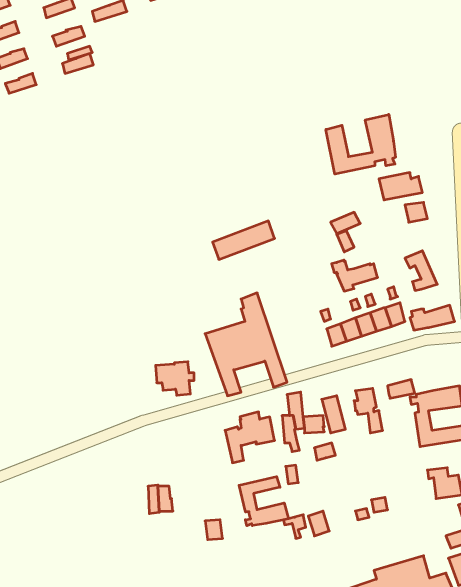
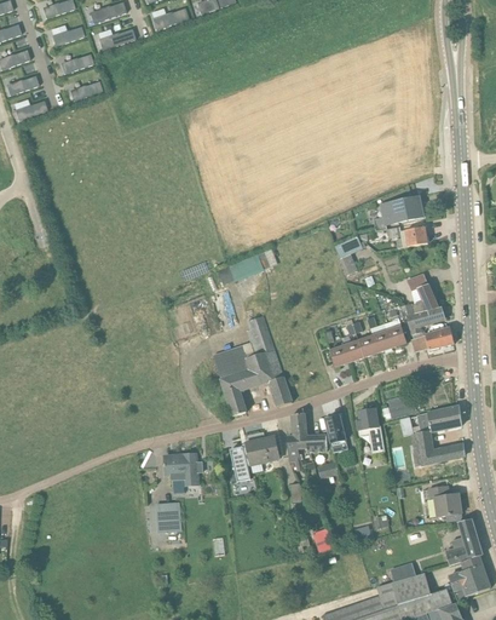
building: [326,114,395,174] -> none
building: [332,260,378,291] -> [400,303,445,333]
building: [156,362,194,395] -> [165,453,202,486]
building: [239,477,288,526] -> none

